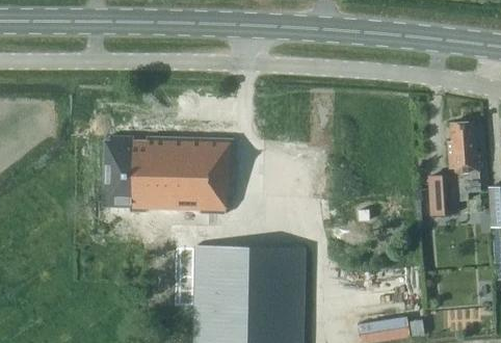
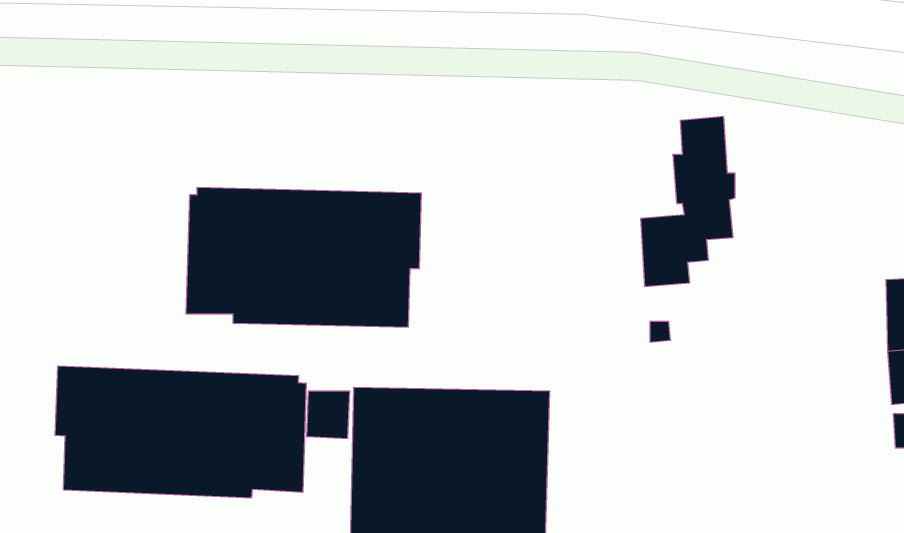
building: [429,121,481,214] -> [641,117,735,287]
building: none -> [55,366,306,498]

